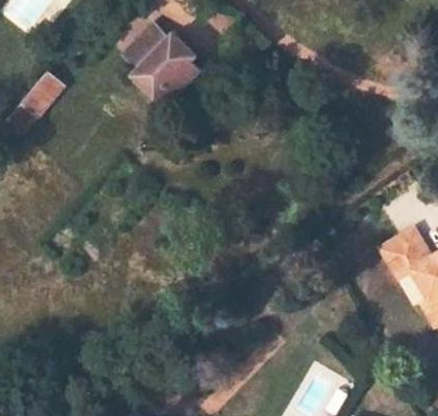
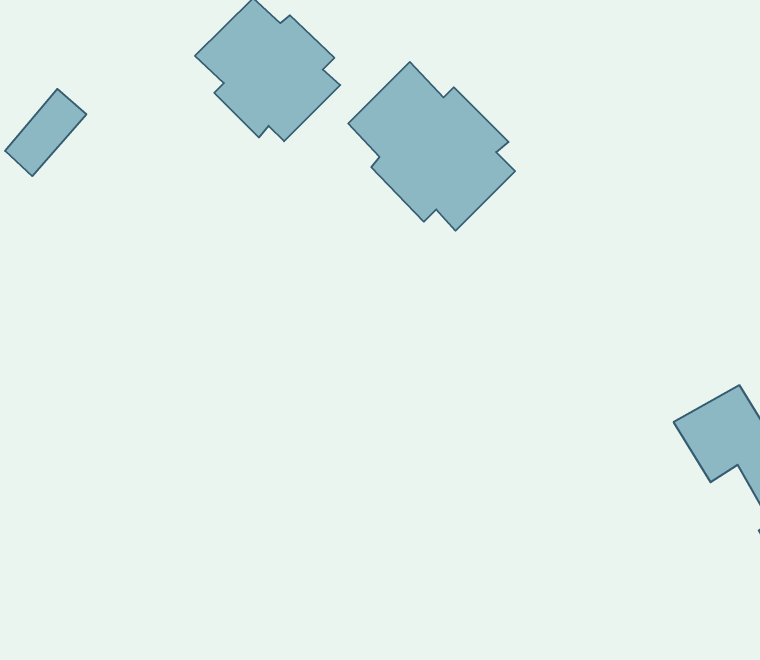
building: none -> [348,62,515,231]

